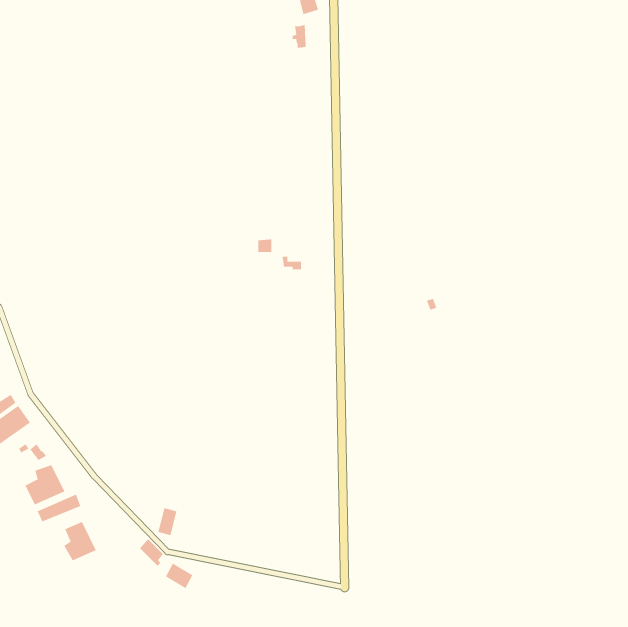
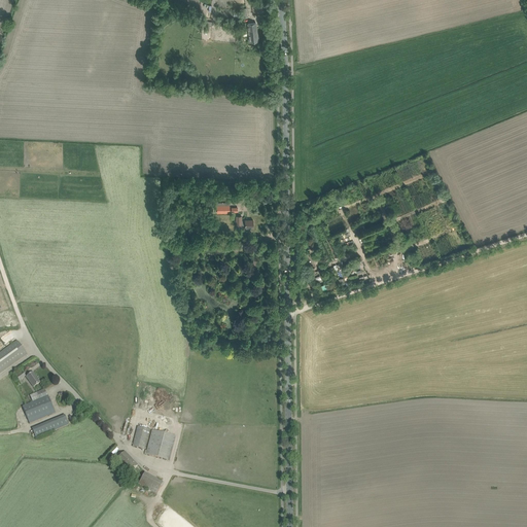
building: none -> [143,428,174,459]
building: [64,521,96,561] -> none

